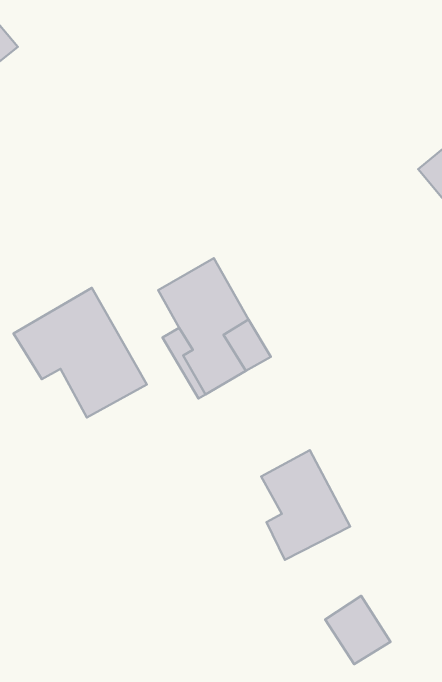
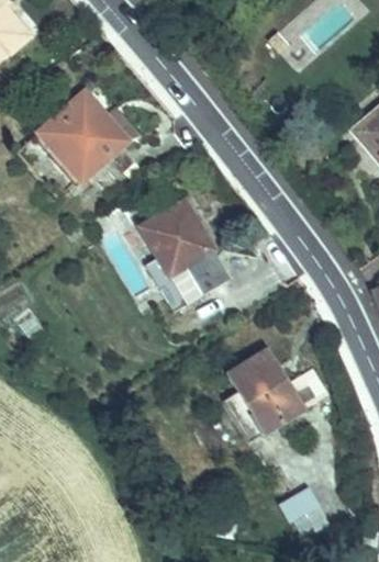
building: none -> [43,93,135,182]
building: [14,288,147,417] -> none

